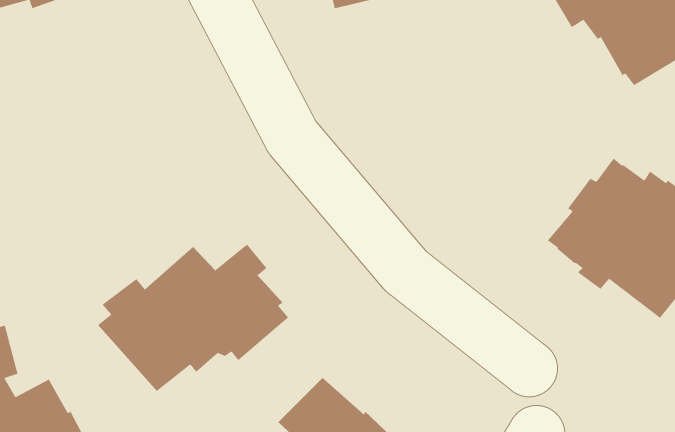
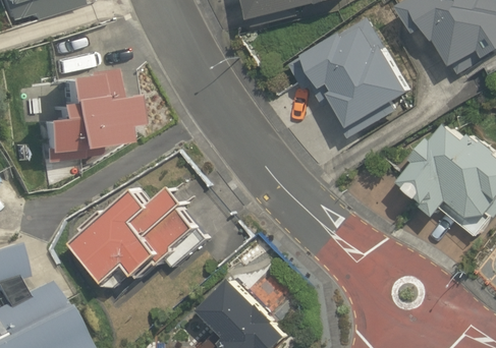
building: none -> [286,18,406,139]
building: none -> [41,67,137,162]

